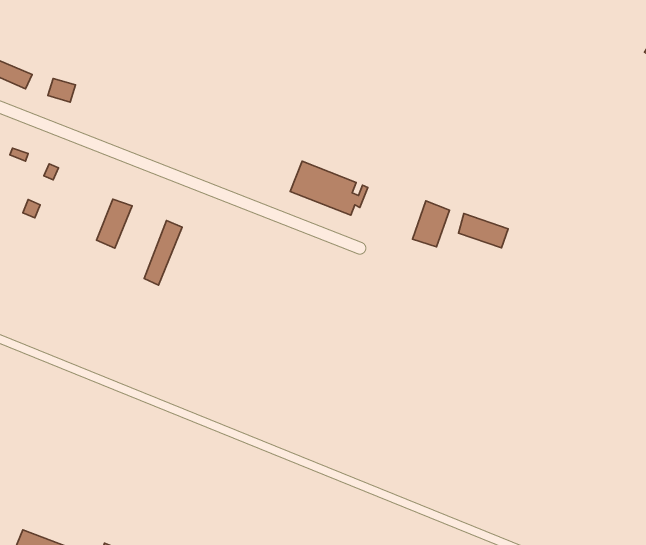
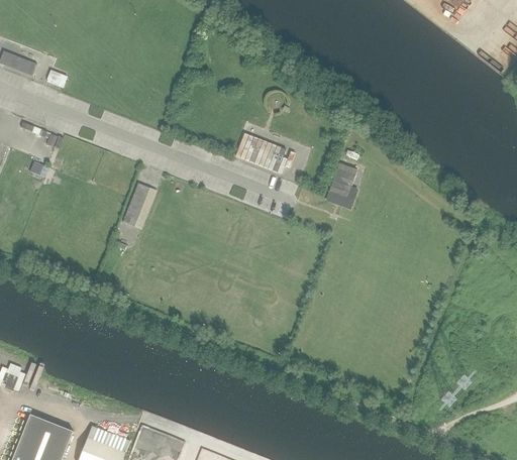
building: [96,199,132,248] -> none
building: [458,214,508,248] -> none

